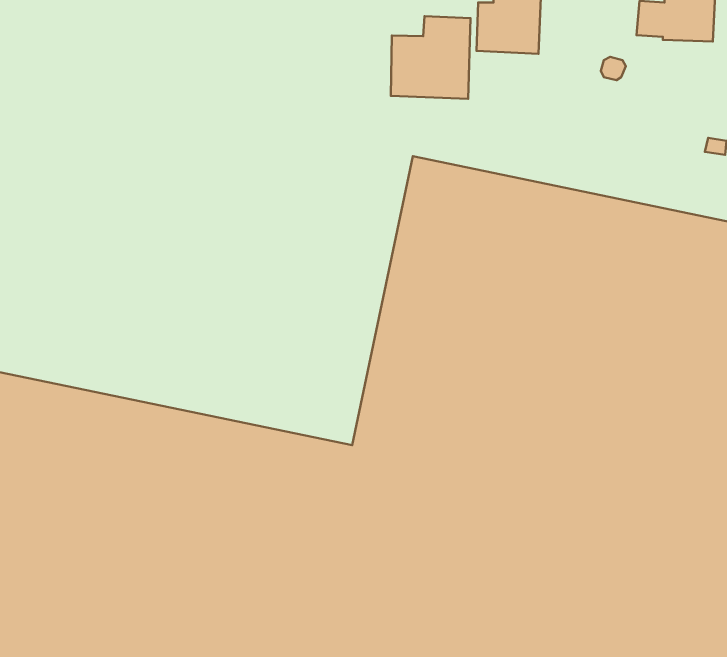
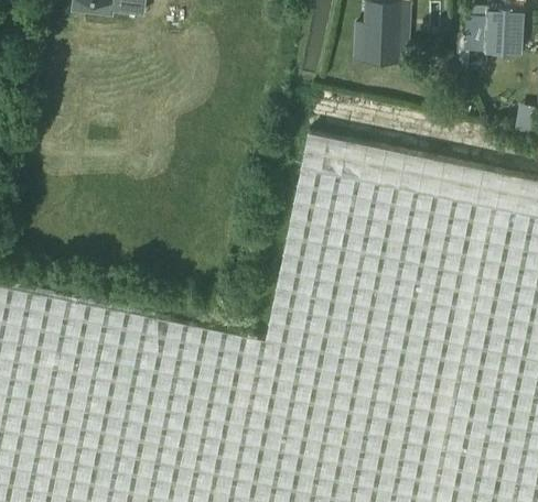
building: [391,16,471,99] -> none

